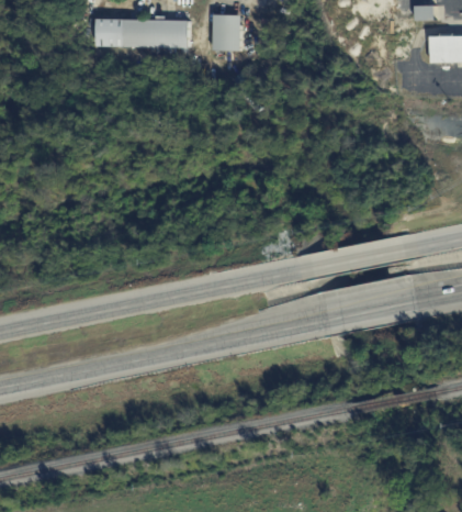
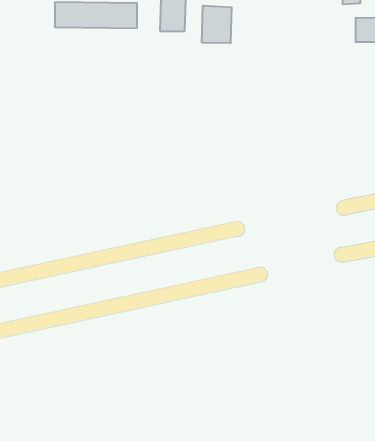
building: none -> [202,5,232,43]

